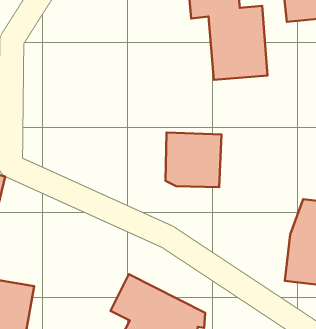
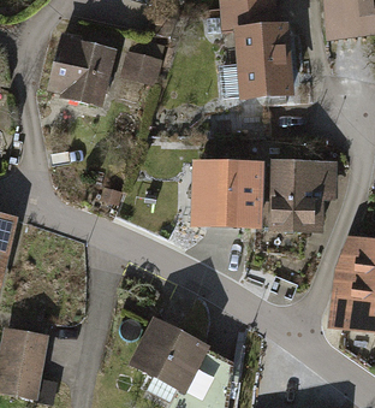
building: none -> [48,31,162,107]
building: none -> [252,165,321,254]

